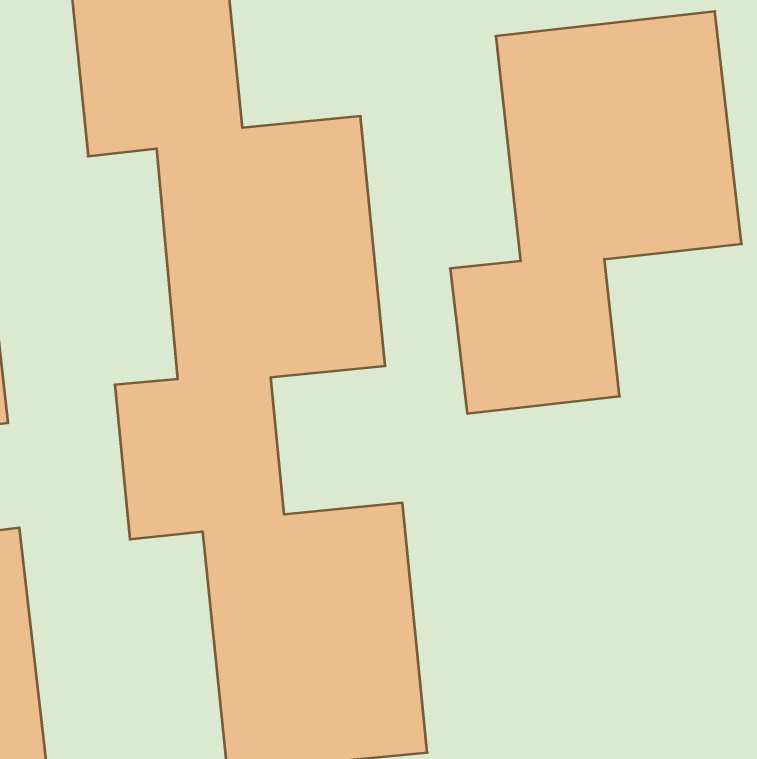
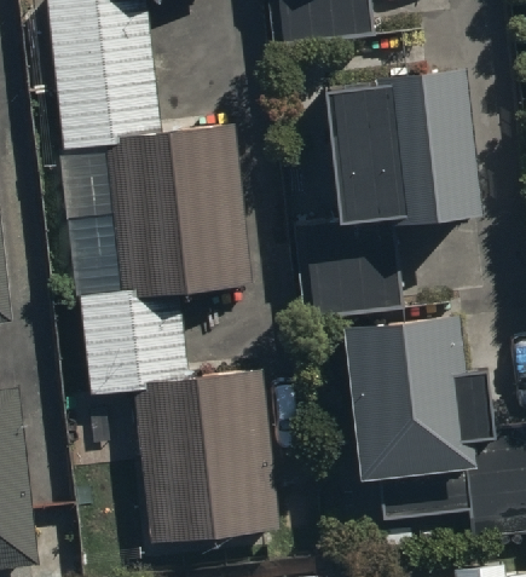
building: none -> [343,311,476,478]

